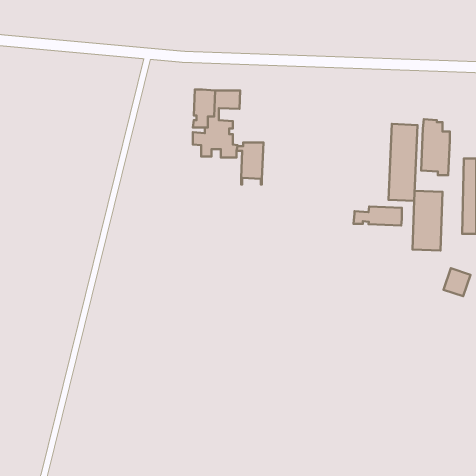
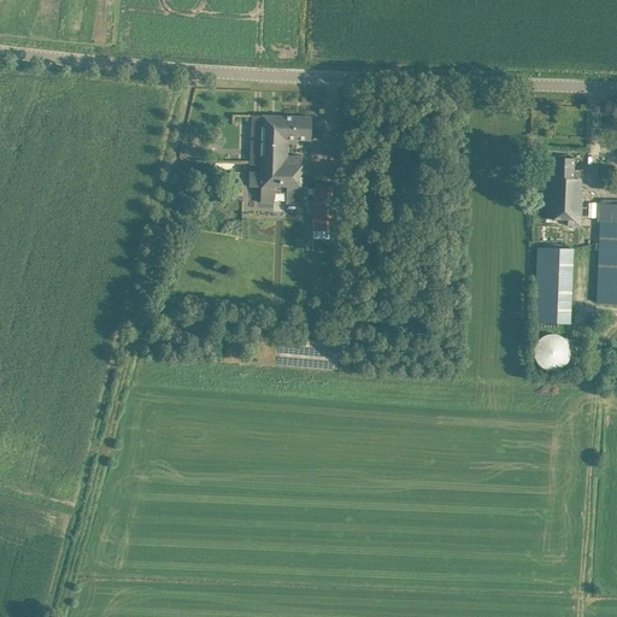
building: [389,124,417,201] -> none
building: [353,207,402,225] -> none
building: [444,268,471,296] -> [535,334,570,370]

